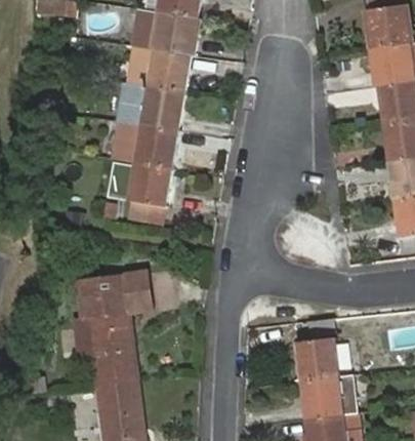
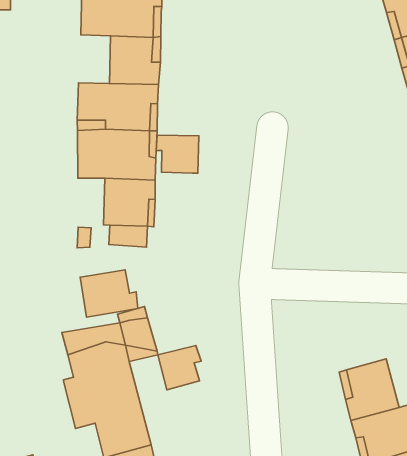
building: [121,46,152,88] -> none
building: none -> [156,135,199,173]
building: none -> [80,270,138,317]
building: none -> [158,345,201,390]

